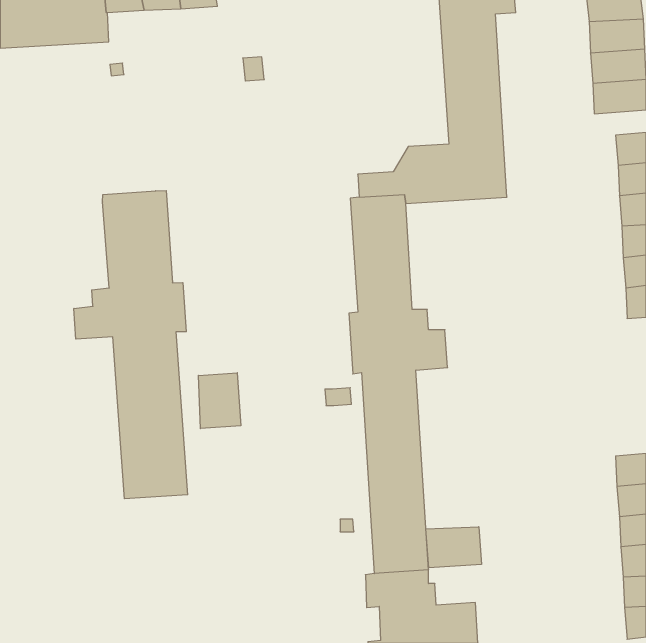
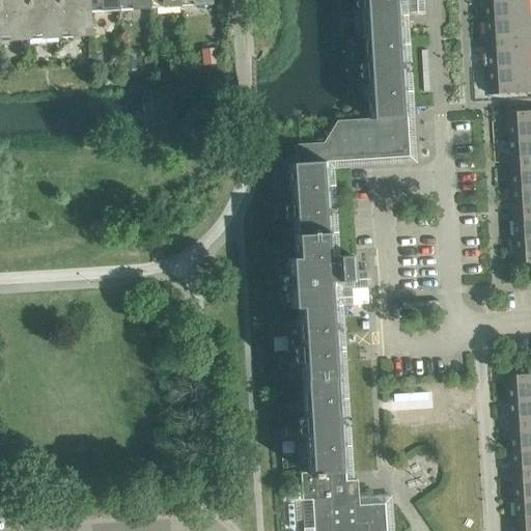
building: [74,191,188,499] -> none
building: [198,373,241,429] -> none
building: [426,527,481,568] -> none

